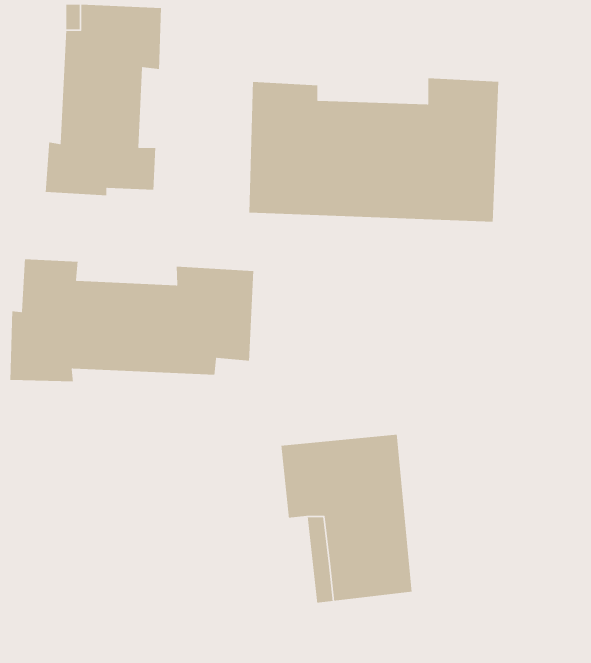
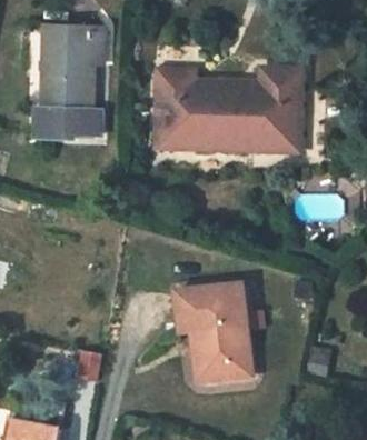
building: [9,259,254,382] -> none

